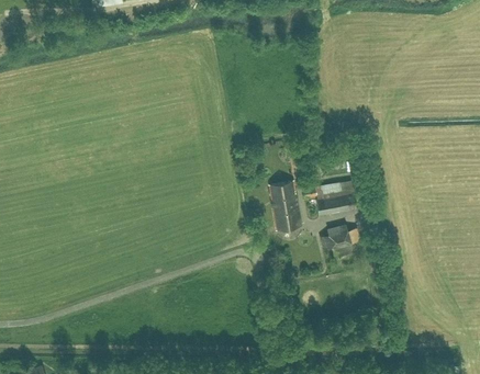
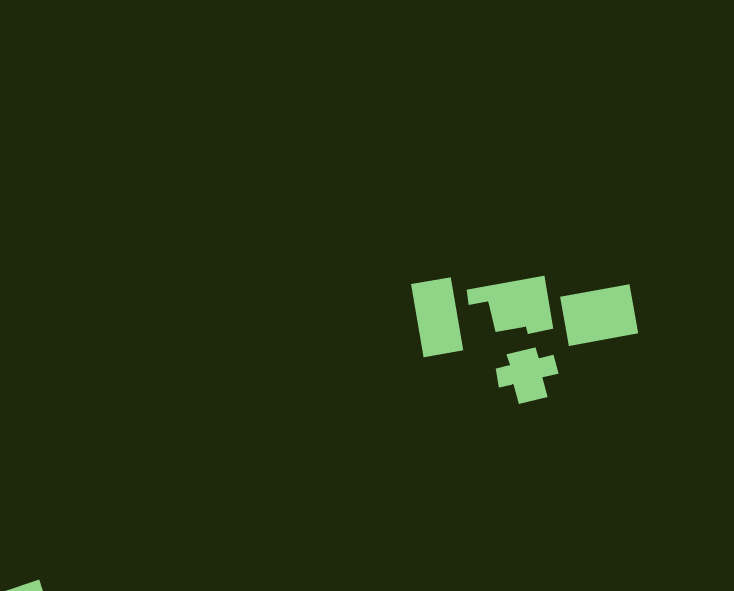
building: none -> [559,283,639,347]

